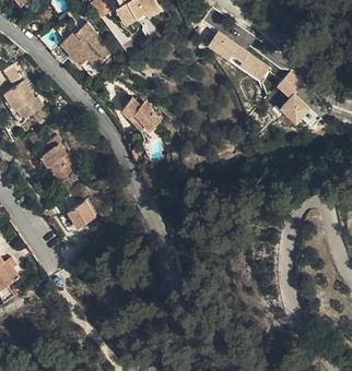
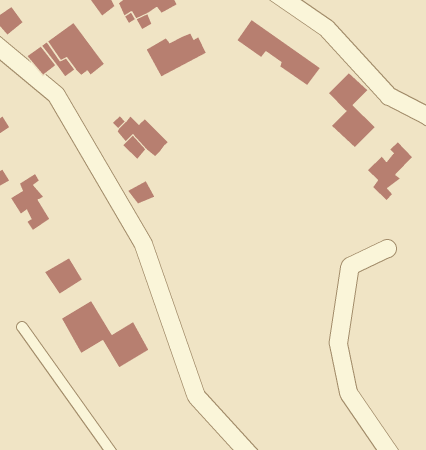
building: none -> [146,33,206,77]
building: none -> [367,142,413,201]
building: none -> [61,300,149,368]

